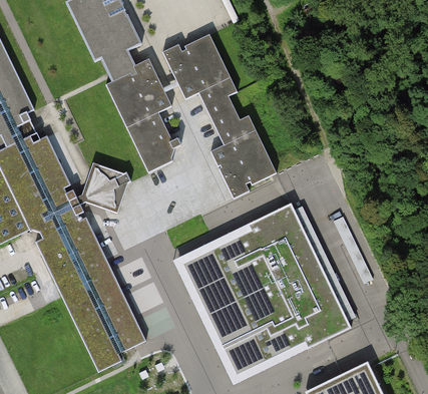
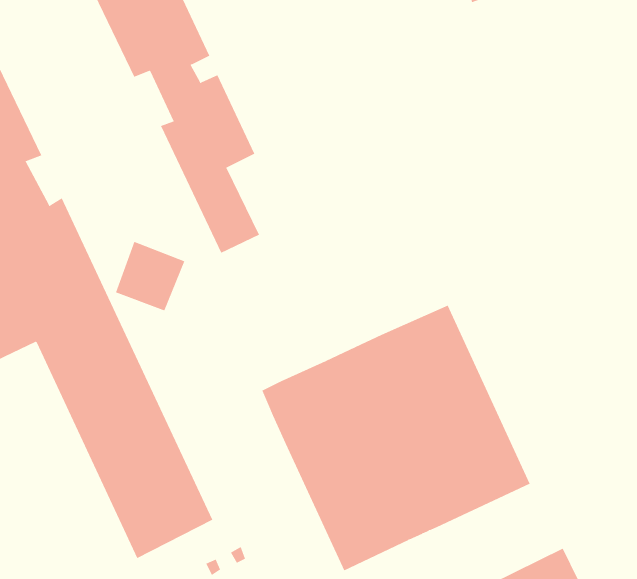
building: [160,35,279,199] -> none

